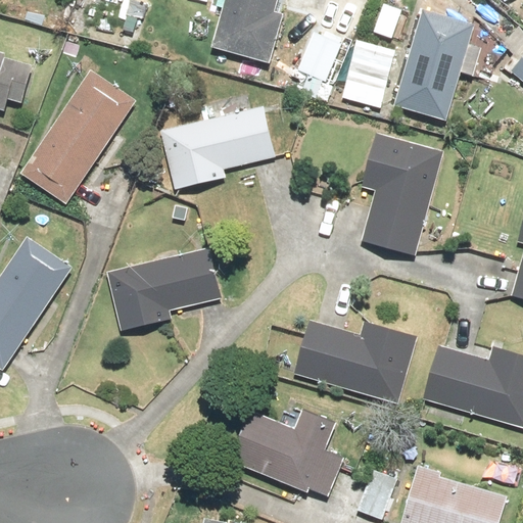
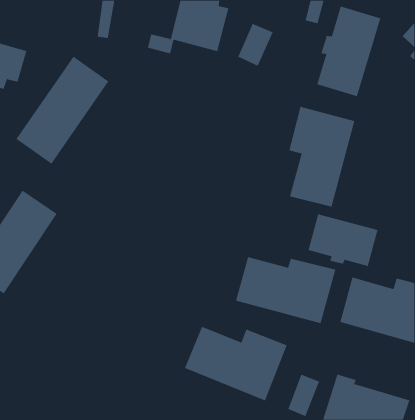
building: [341,40,391,103] -> none
building: [158,95,276,189] -> none
building: [108,248,222,333] -> none
building: none -> [308,213,378,267]

